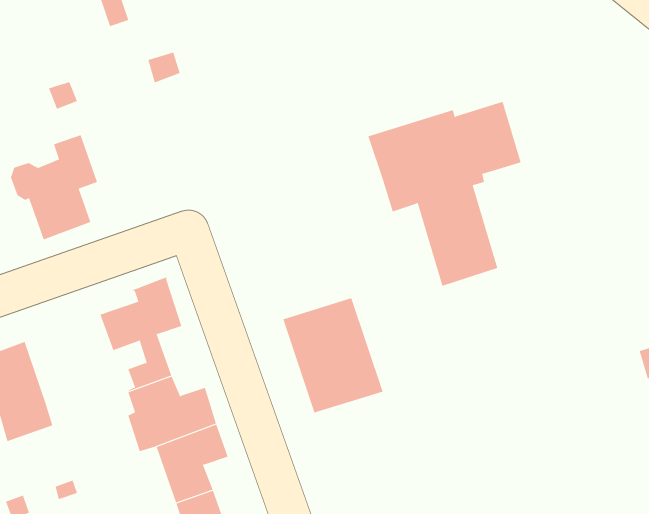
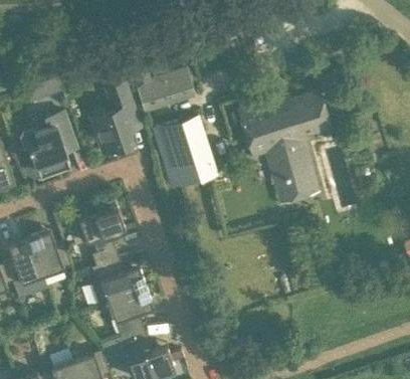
building: none -> [129,56,192,110]
building: none -> [90,82,141,154]
building: [282,298,383,413] -> [154,116,215,186]
building: none -> [29,230,71,275]

